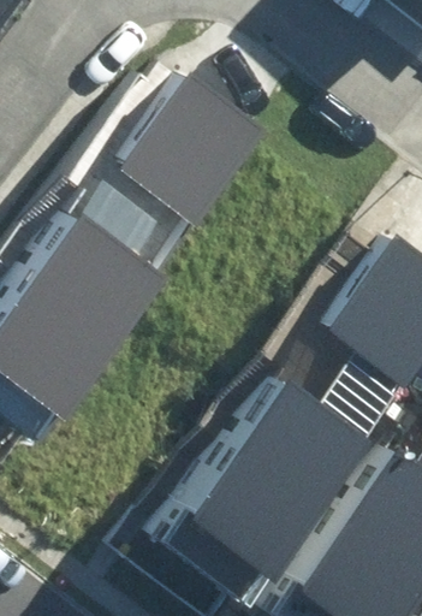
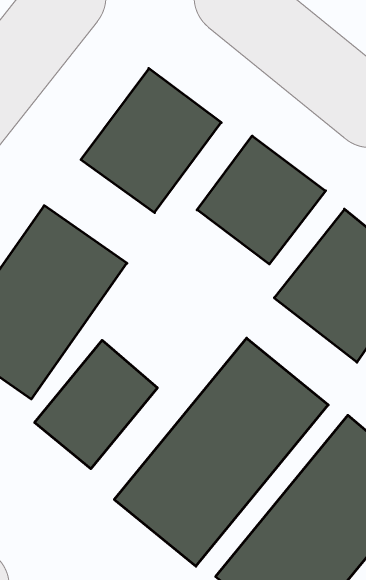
building: none -> [197,136,326,264]
building: none -> [35,340,157,469]

